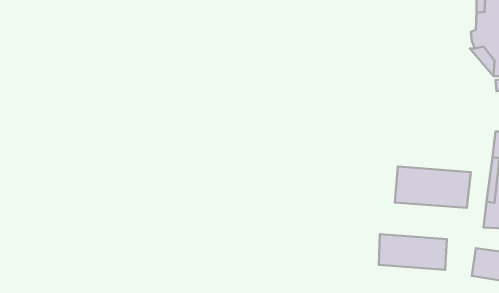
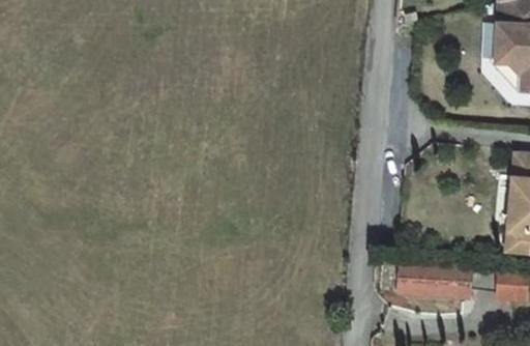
building: [395,167,471,208] -> none

